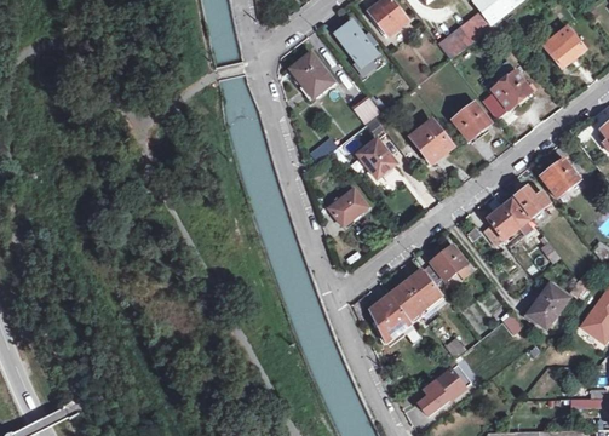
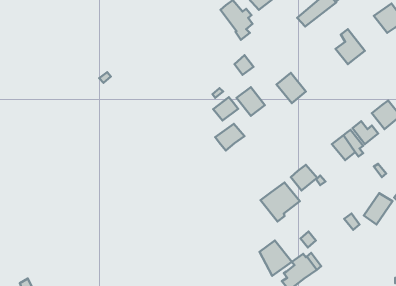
building: [291,53,334,96] -> none
building: [452,102,490,139] -> none
building: none -> [213,97,238,120]
building: [369,293,413,342] -> [260,240,292,276]

